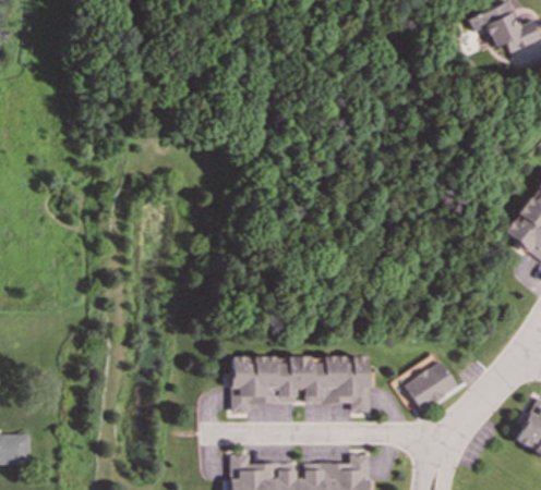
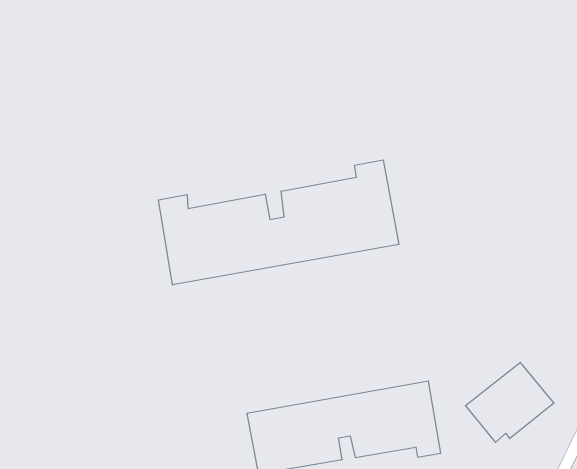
building: none -> [158,160,399,285]

